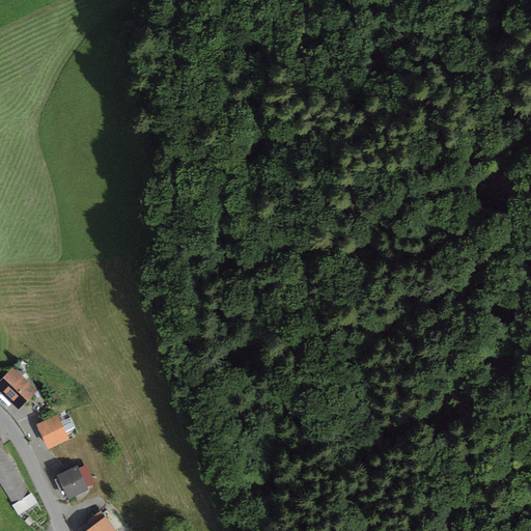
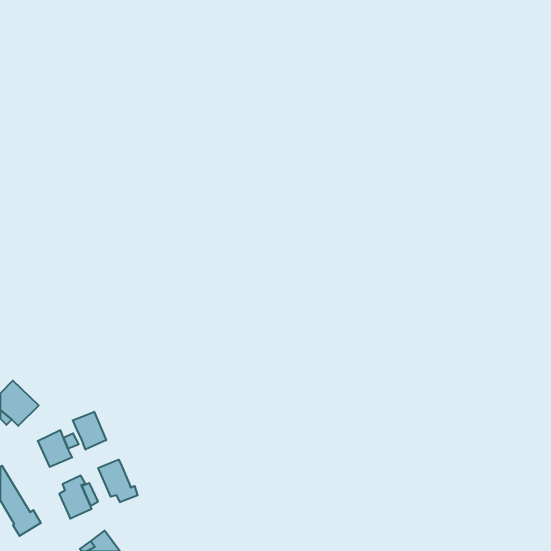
building: none -> [73,412,106,450]
building: none -> [98,460,138,502]

